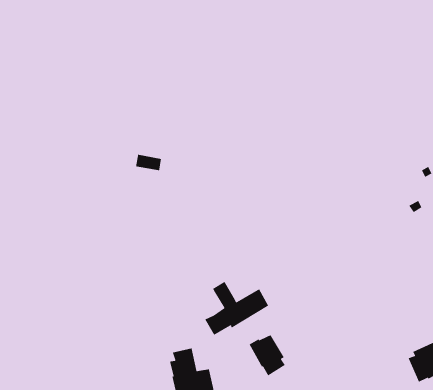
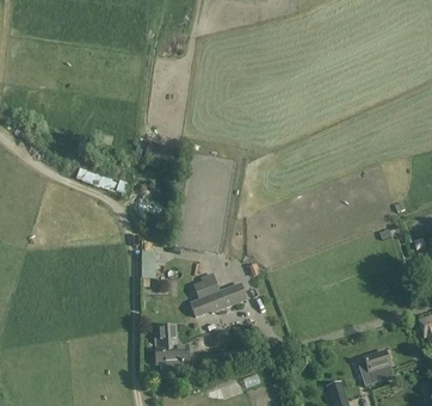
building: [249,334,286,376] -> none

